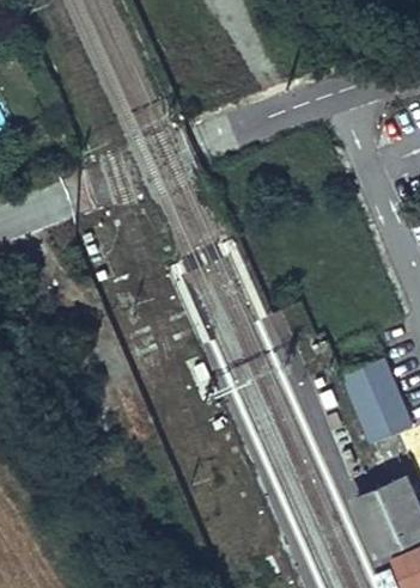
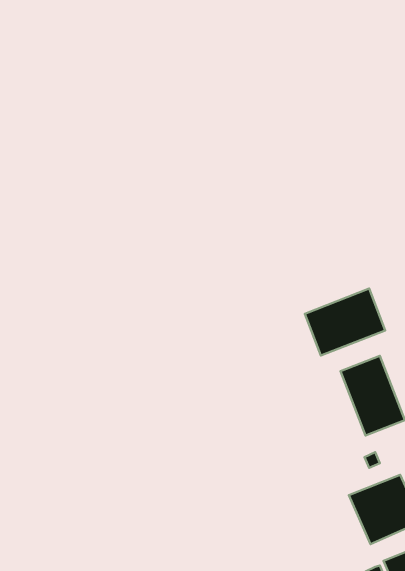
building: none -> [305,289,385,356]

